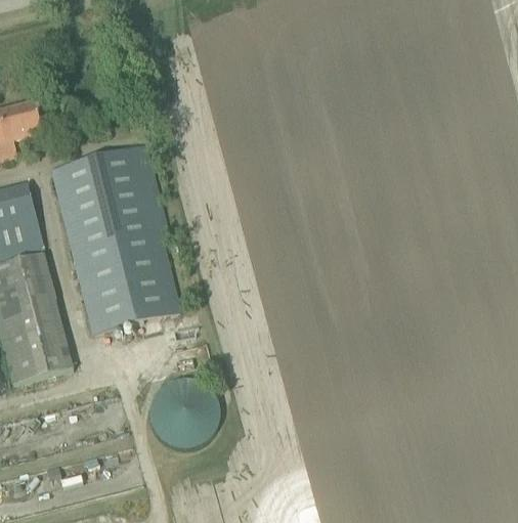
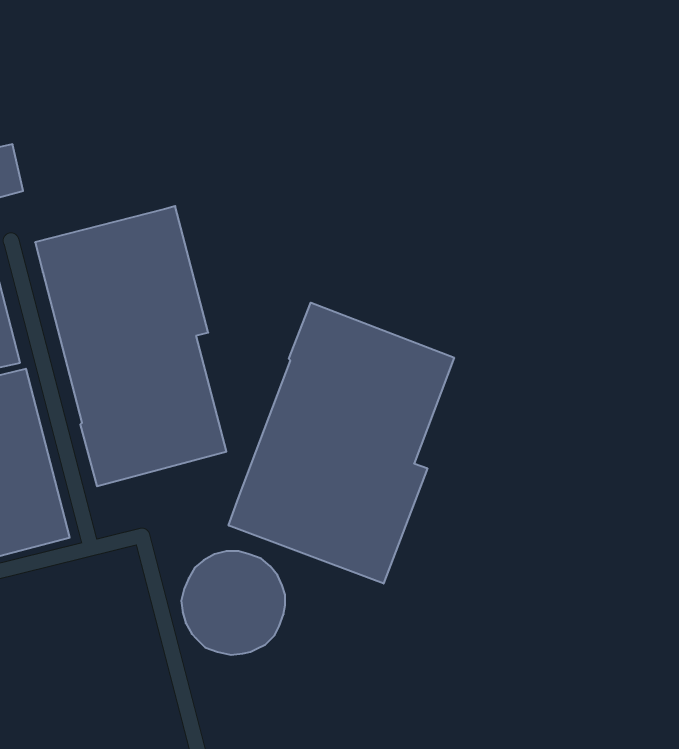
building: none -> [229,303,454,584]

